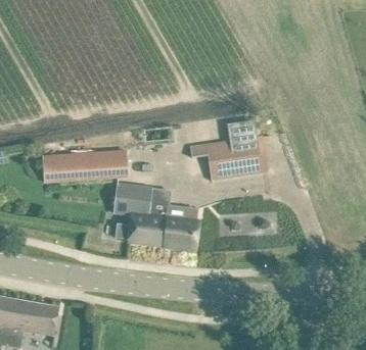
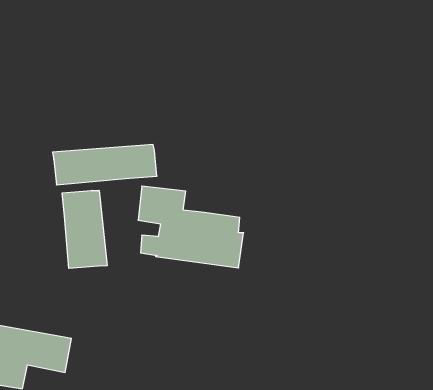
building: [207,119,268,181] -> none
building: none -> [62,190,107,268]

